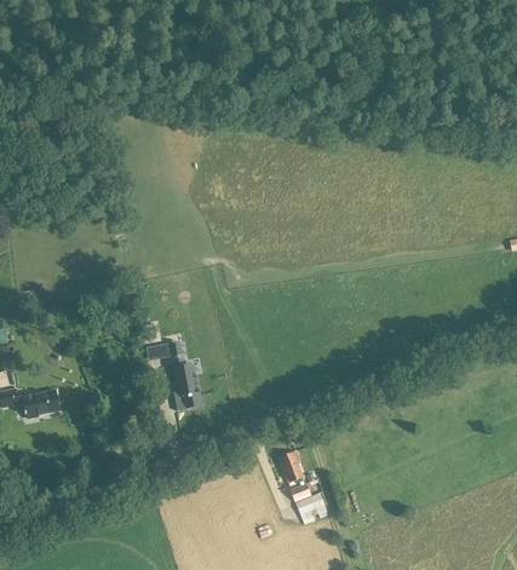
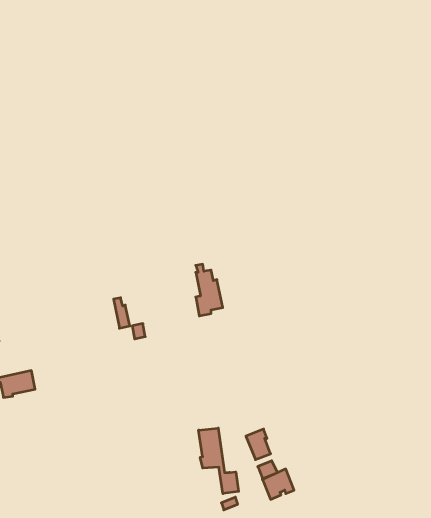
building: [173,357,201,410] -> [196,264,223,316]
building: none -> [199,428,239,494]

